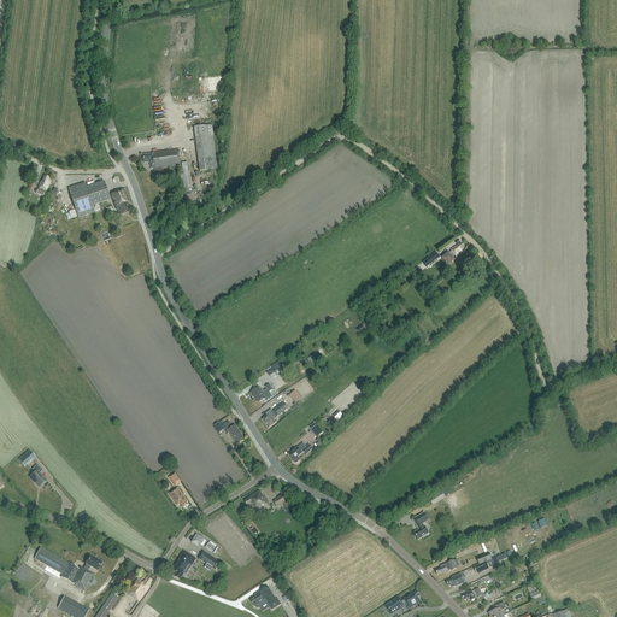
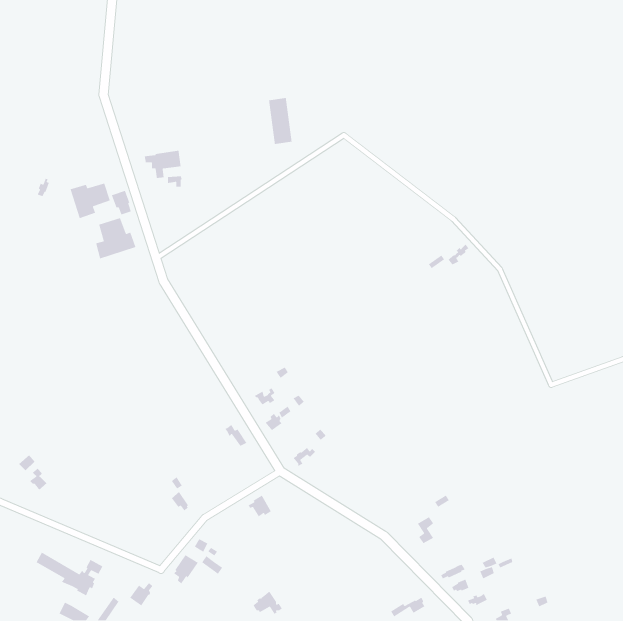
building: [194,124,218,171] -> [268,97,293,145]
building: none -> [95,217,137,259]

